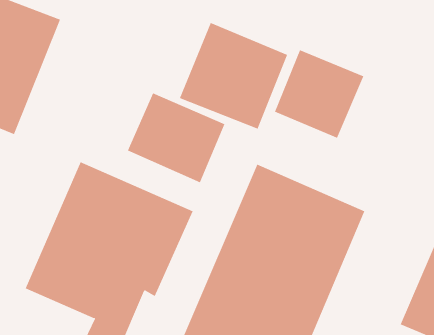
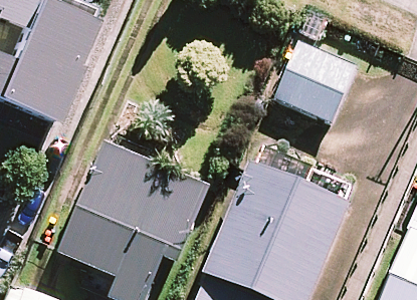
building: [179,22,288,130] -> none
building: [127,92,225,183] -> none

